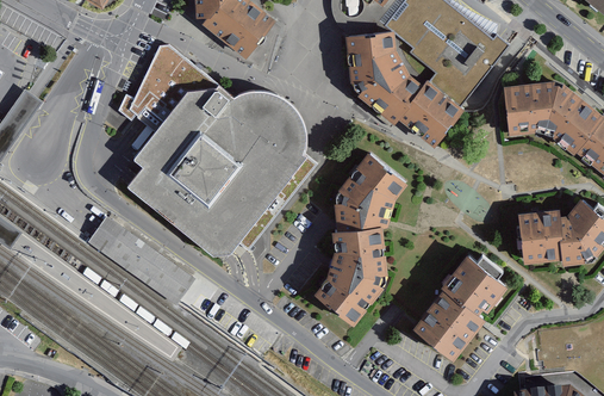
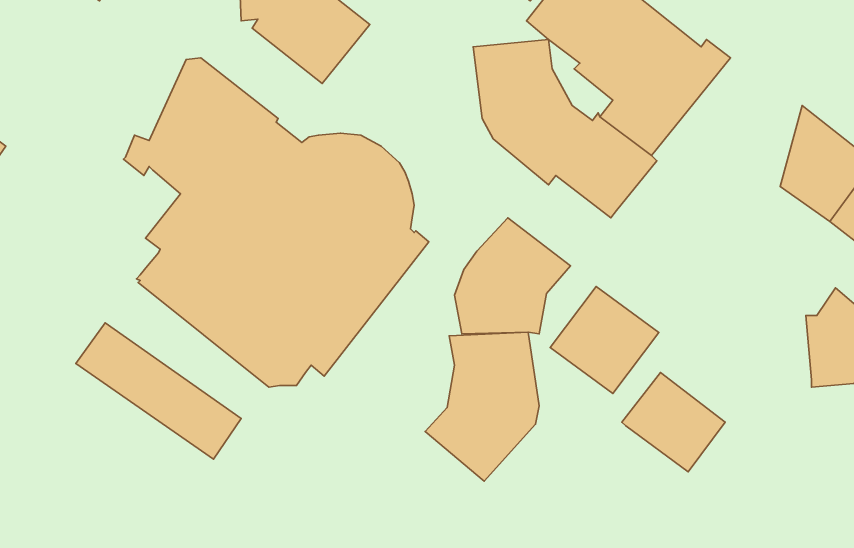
building: [504,75,558,131] -> none
building: [517,204,563,256] -> none
building: [413,283,484,352] -> [550,287,659,393]

